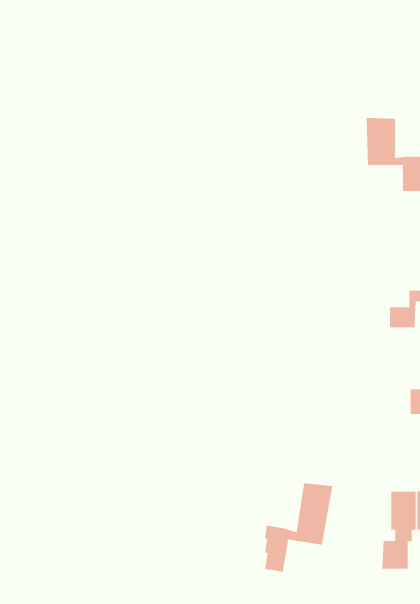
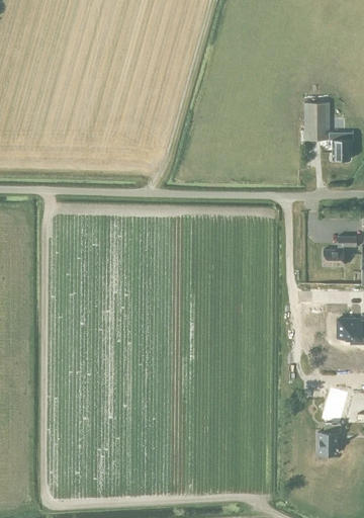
building: [264,483,333,573] -> none

